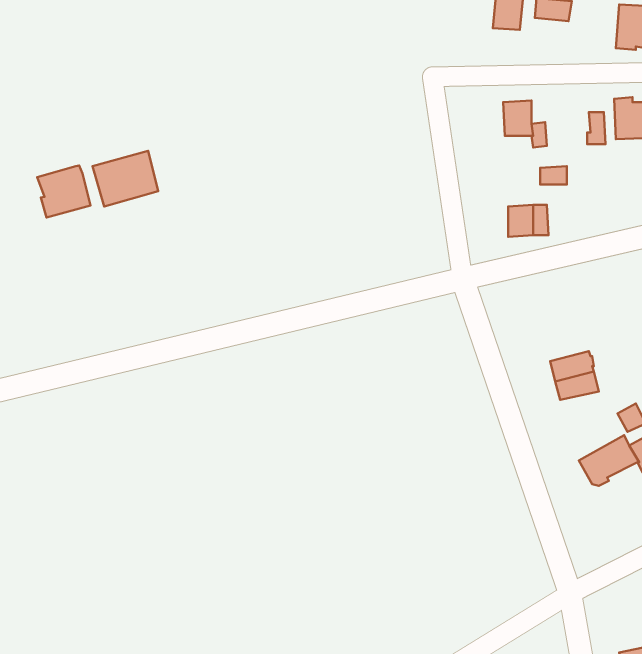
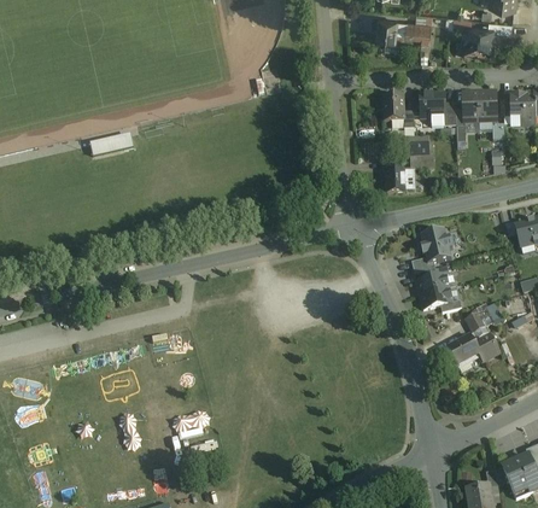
building: none -> [420,92,445,117]
building: [37,165,90,217] -> none
building: none -> [420,227,451,261]

